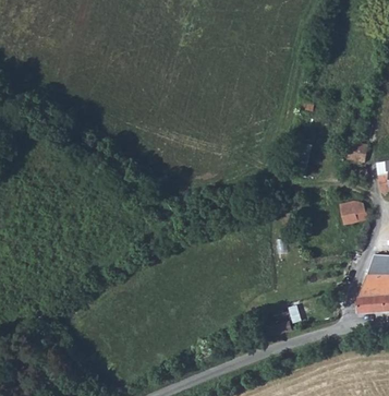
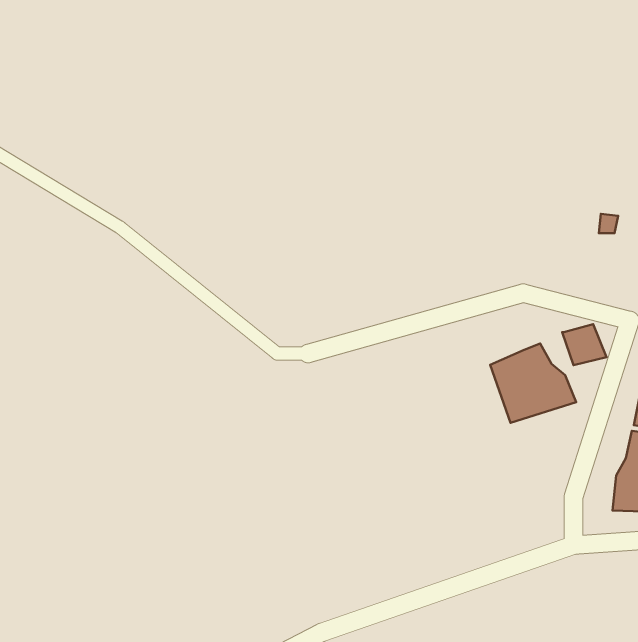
building: none -> [490,344,576,423]

